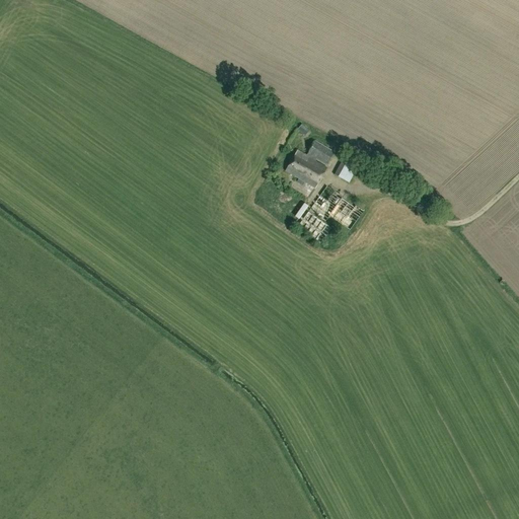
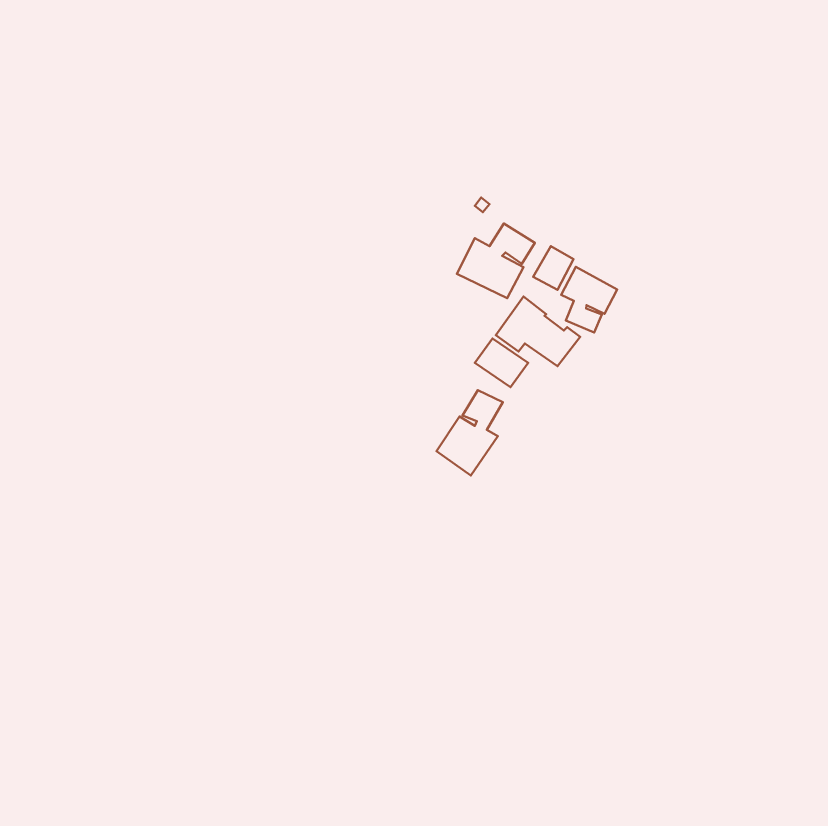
building: none -> [561,267,617,332]
building: none -> [436,390,503,476]

